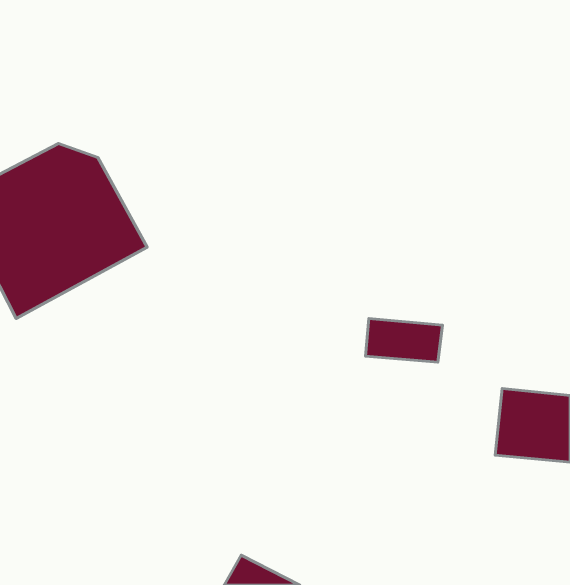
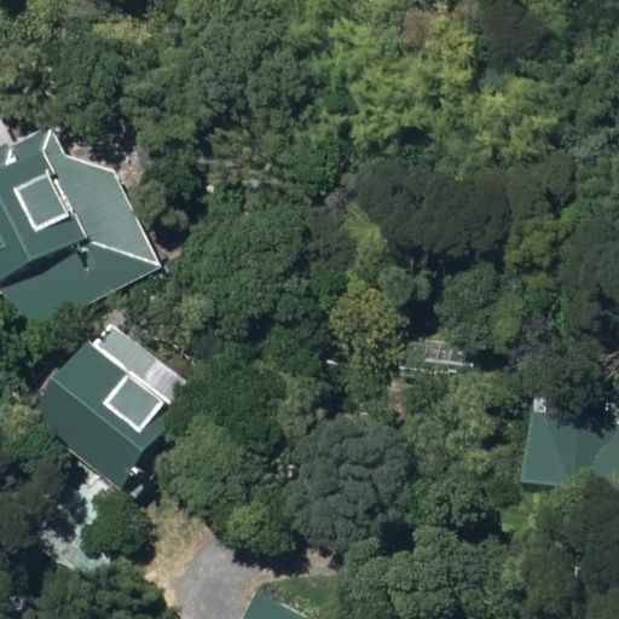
building: none -> [30,317,198,485]

